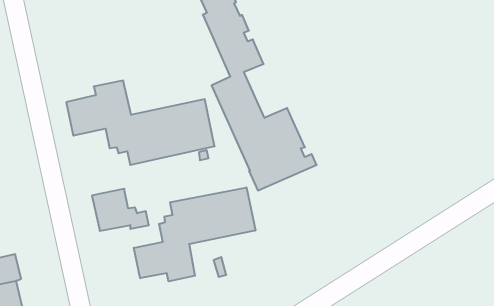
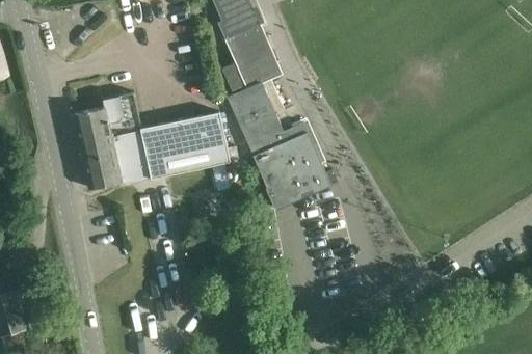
building: [134,187,255,281] -> none
building: [92,189,149,231] -> [80,142,140,187]

